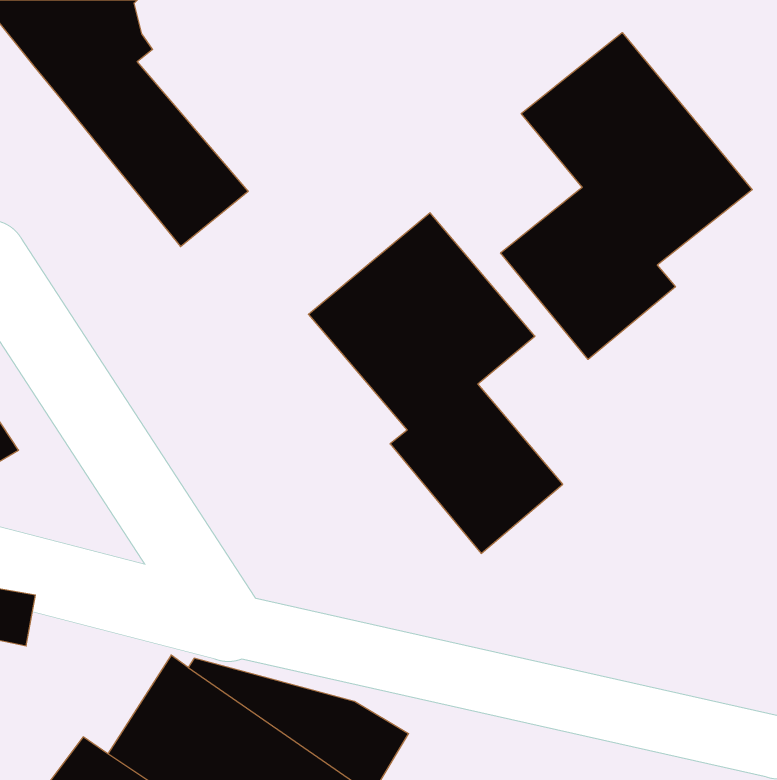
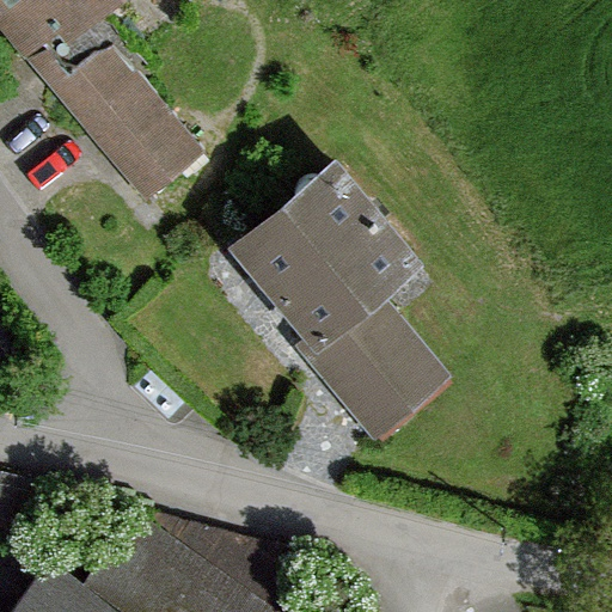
building: [501,33,752,359] -> none

